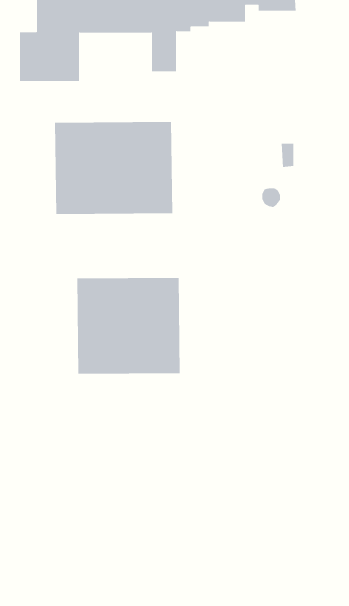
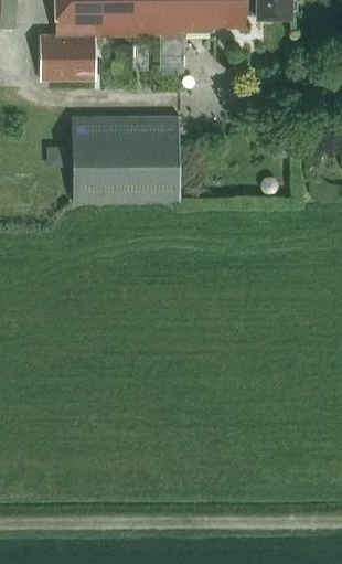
building: [77,277,180,375] -> none

